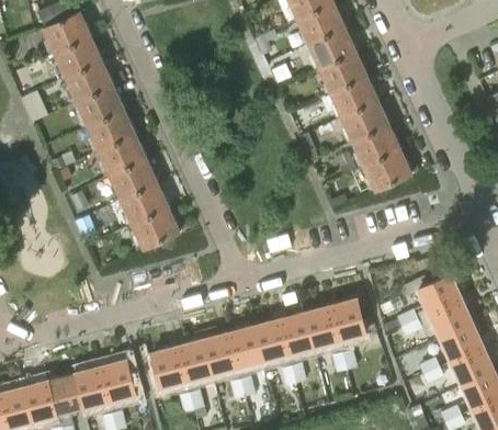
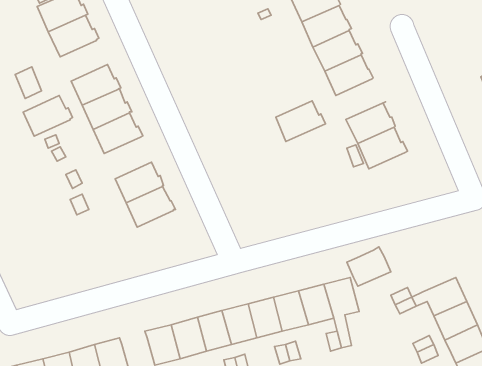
building: [66,63,115,103] -> [23,96,72,136]
building: [341,101,391,142] -> [276,101,325,141]
building: [110,159,159,201] -> none
building: [417,274,461,314] -> [347,247,391,286]

